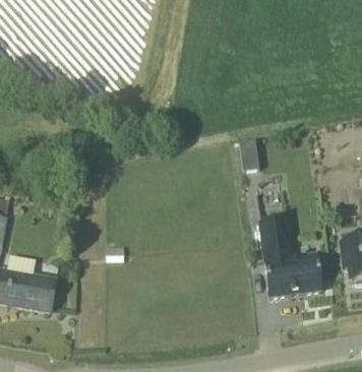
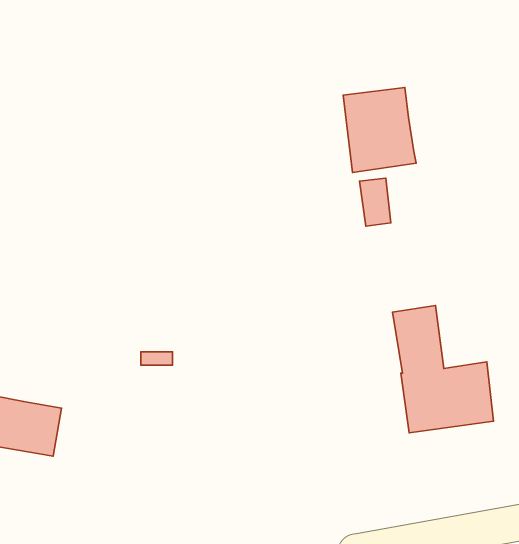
building: none -> [343,88,416,172]

